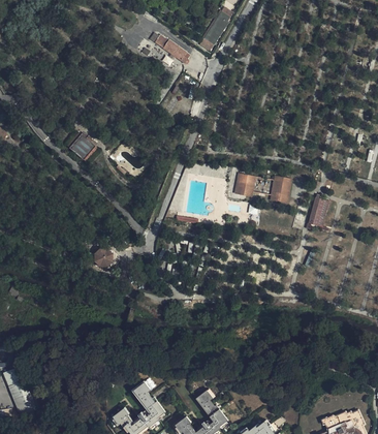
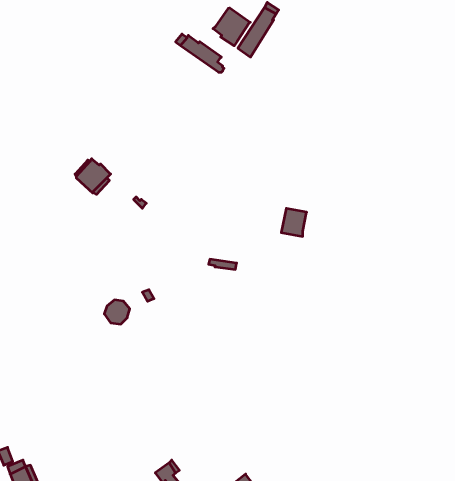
building: none -> [213,8,250,46]
building: [271,177,291,204] -> none
building: [307,195,329,230] -> none

